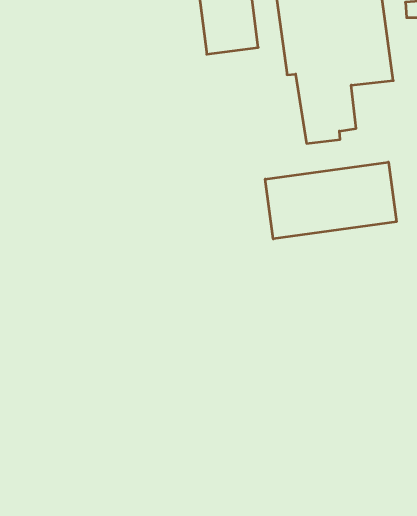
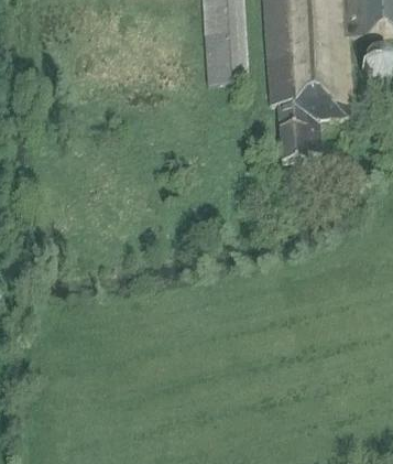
building: [265,162,396,239] -> none

